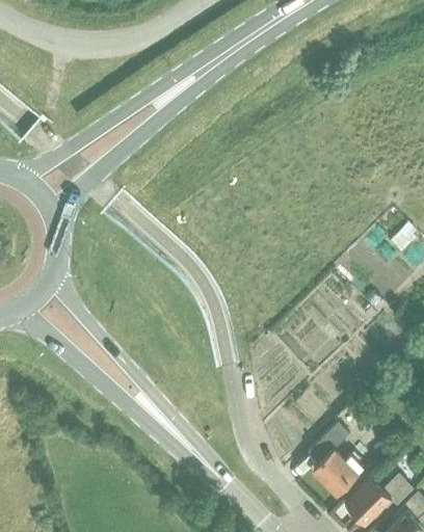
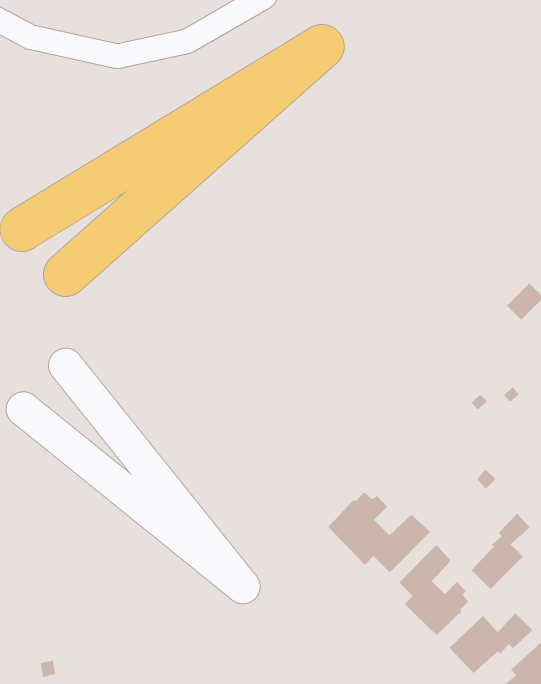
building: none -> [327,492,431,573]
building: none -> [471,513,531,590]

